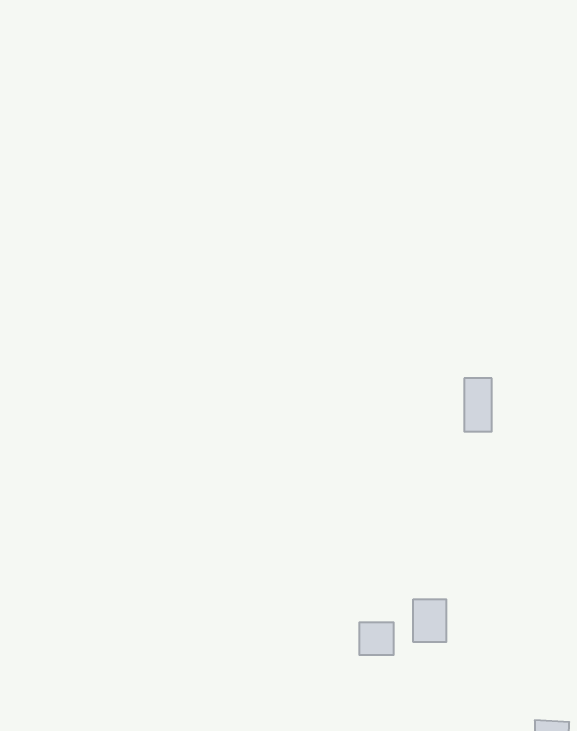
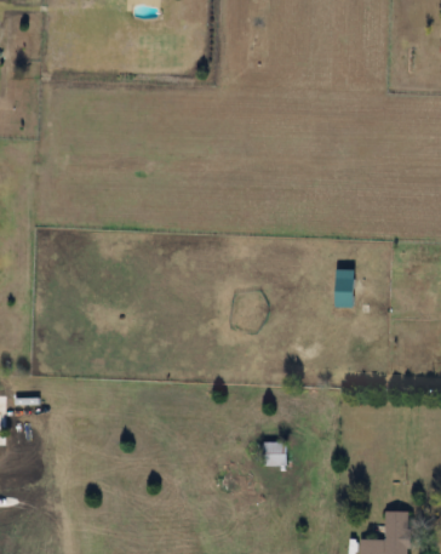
building: [413,599,446,642] -> none

